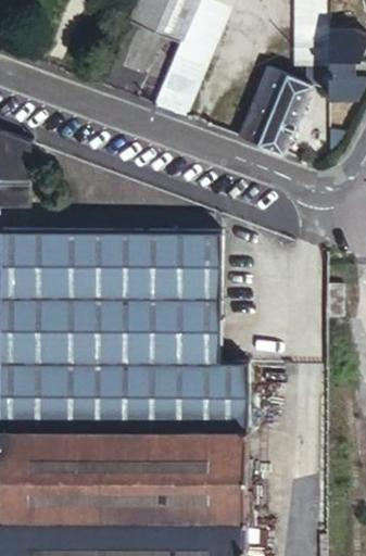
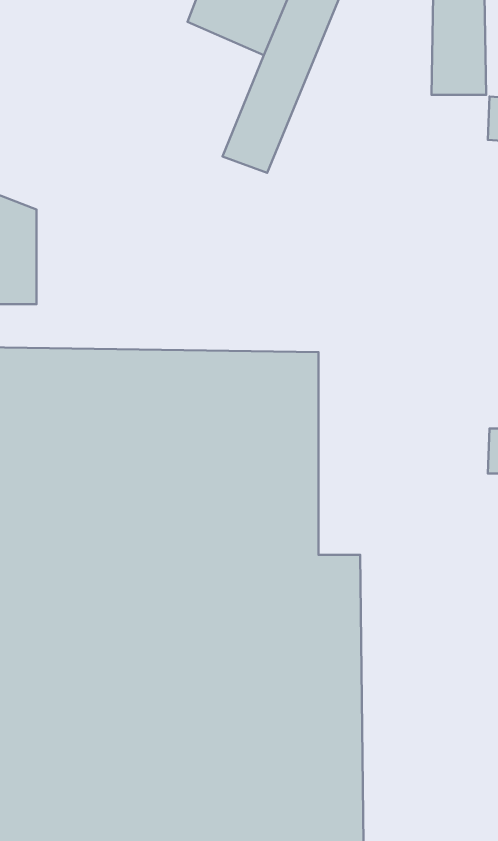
building: [238,66,308,150] -> none

